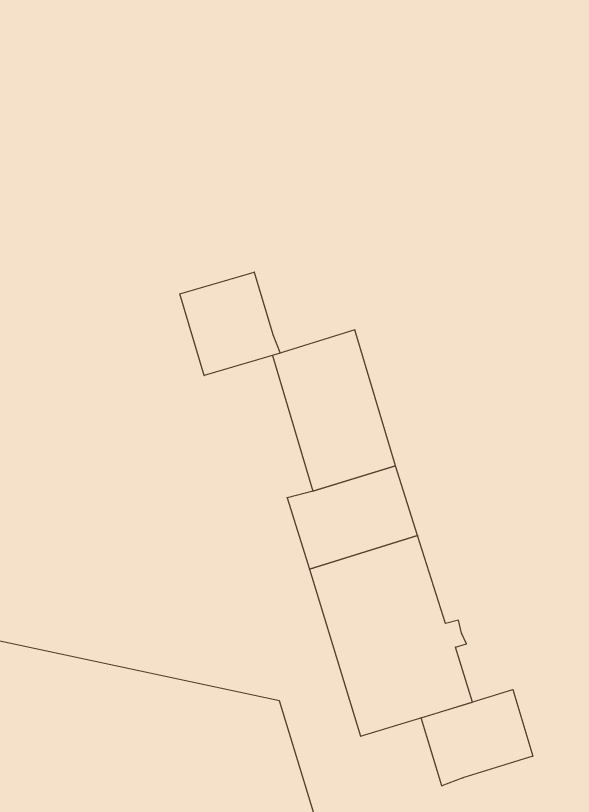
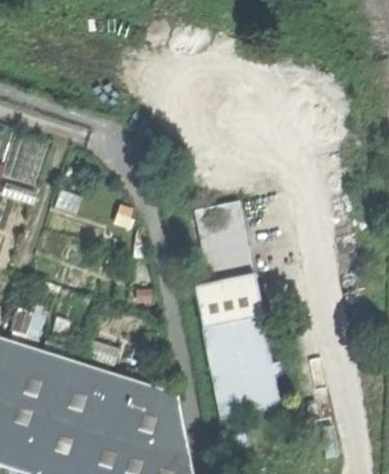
building: [180,272,280,376] -> none
building: [421,690,533,786] -> none

